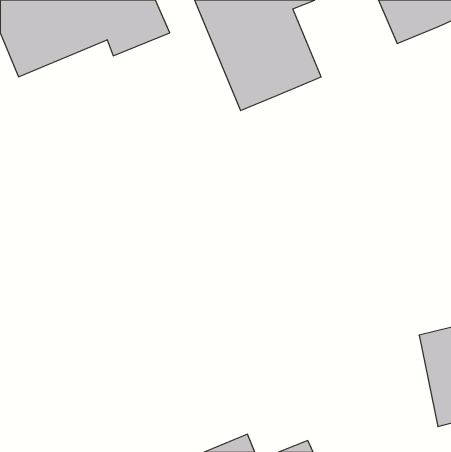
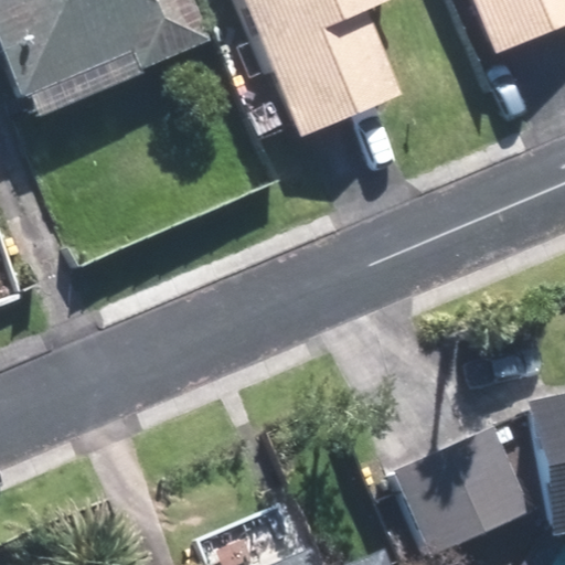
building: none -> [390,425,527,553]

